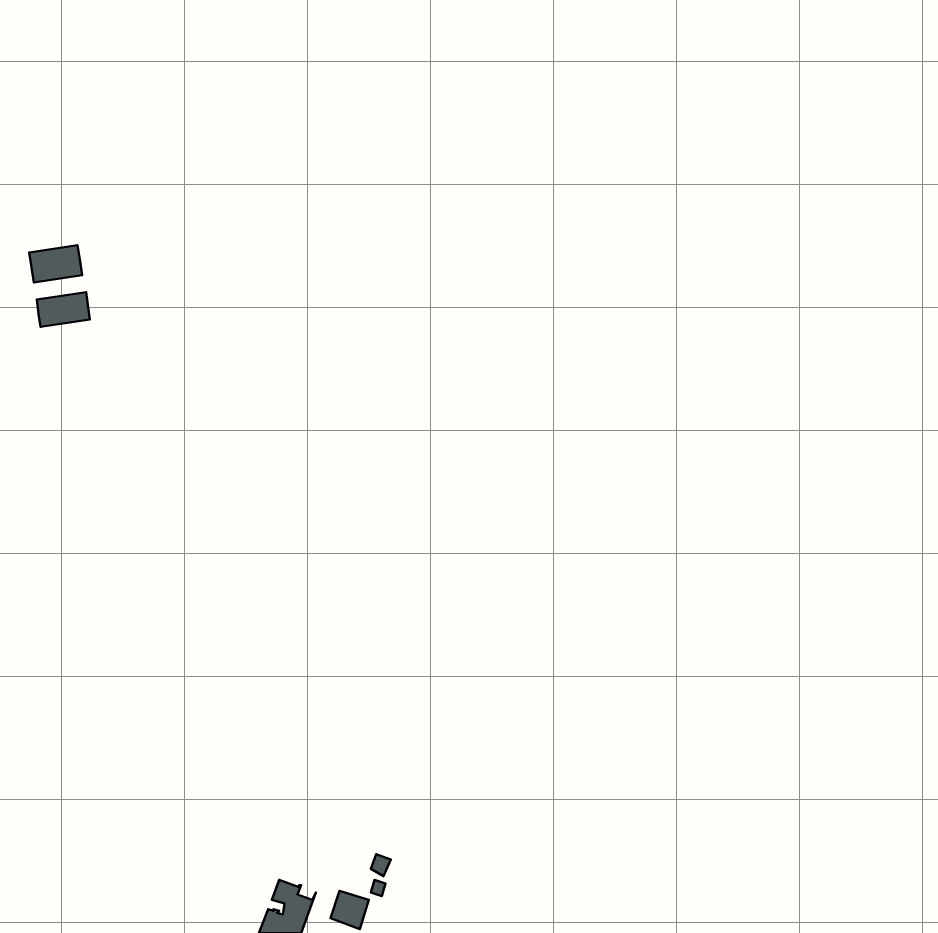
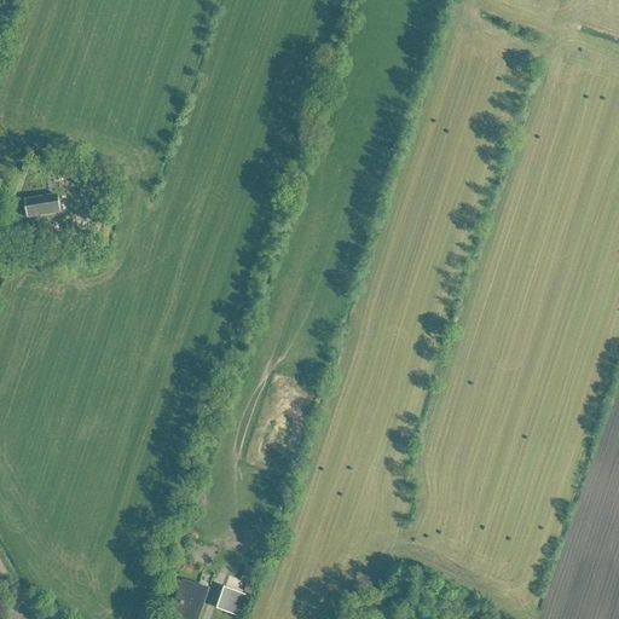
building: [29,245,82,282] -> none

